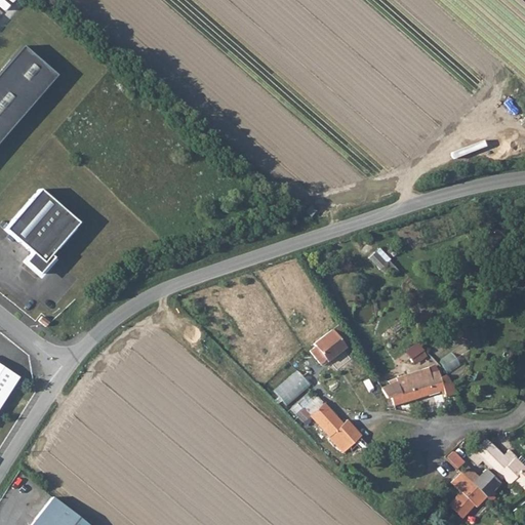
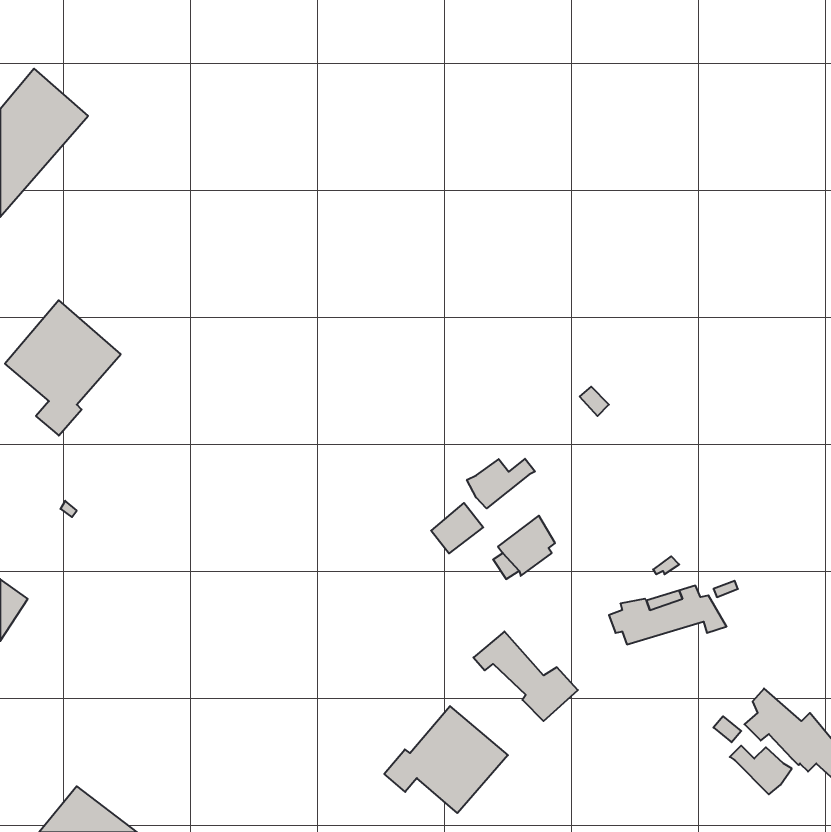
building: none -> [467,459,535,508]
building: [278,372,311,404] -> [431,503,483,553]
building: none -> [384,706,508,813]
building: [446,476,485,519] -> none

